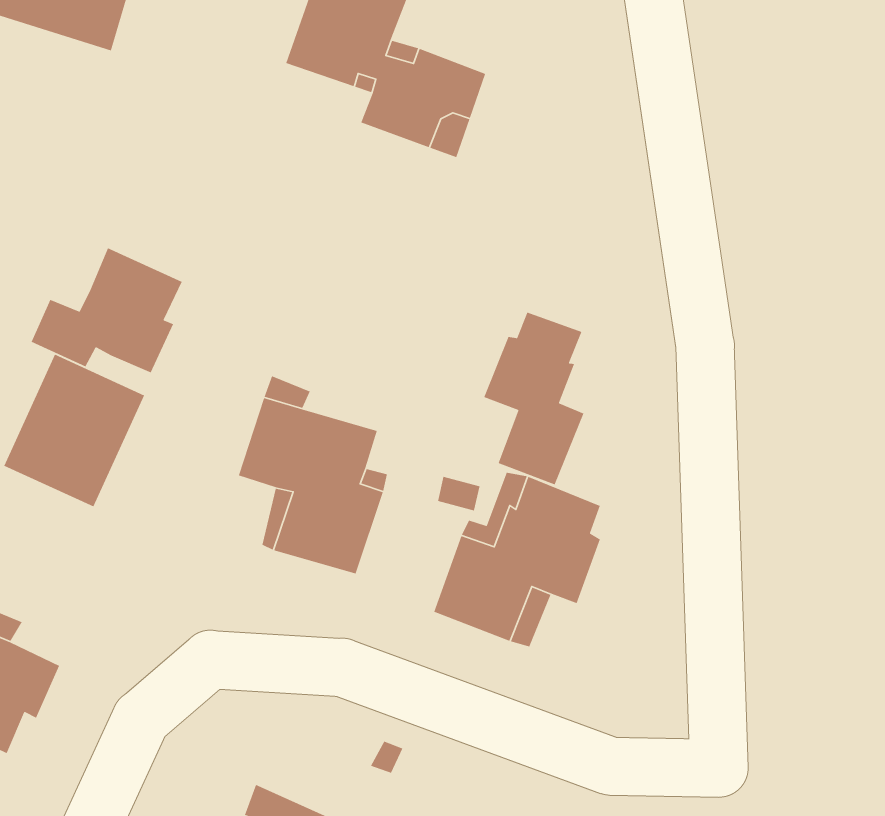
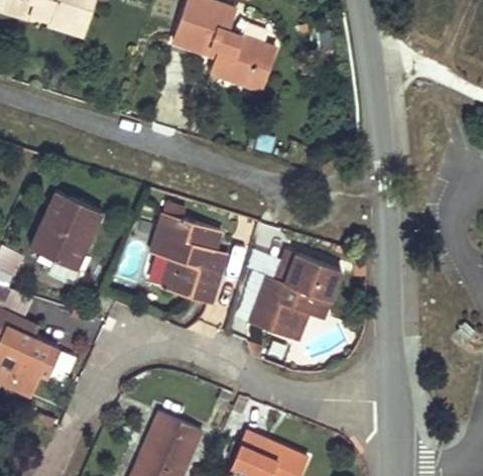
building: [31,247,183,374] -> none
building: [483,312,584,486] -> none

